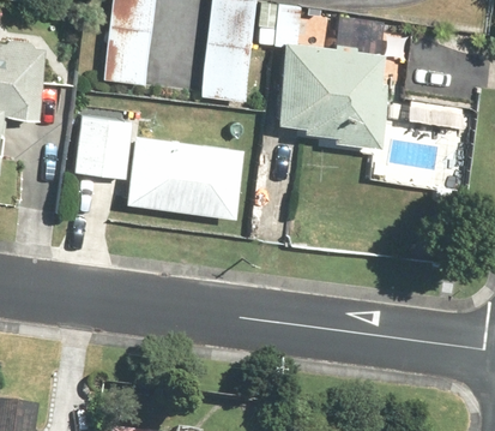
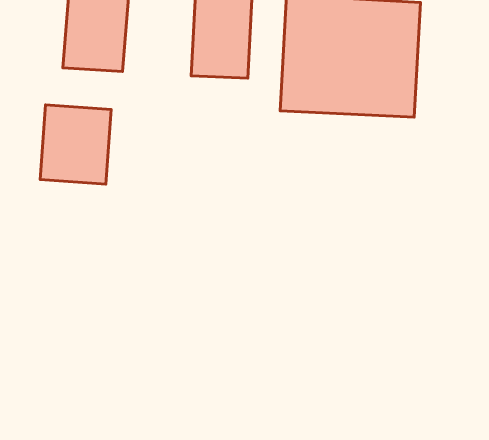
building: [123,134,246,227] -> none

